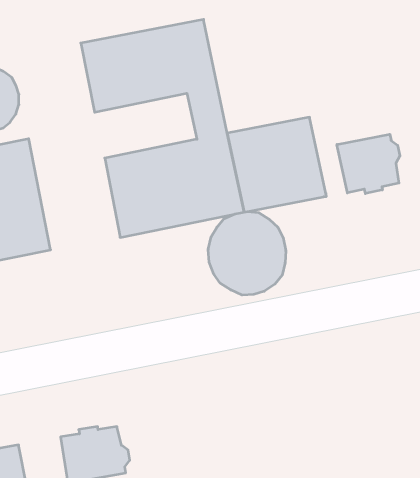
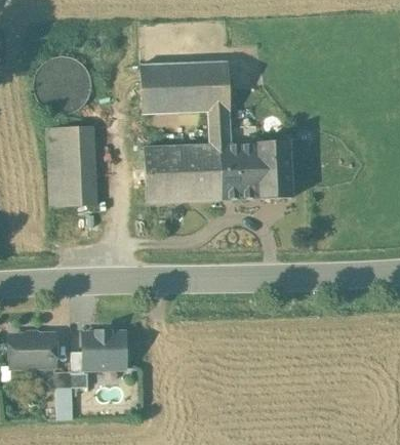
building: [337,134,400,194] -> none
building: [208,212,286,295] -> none

